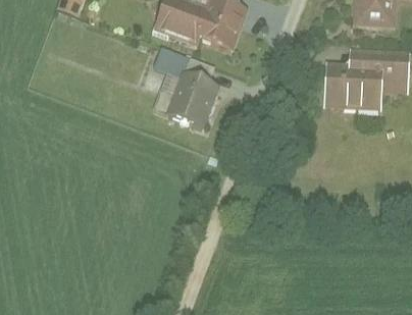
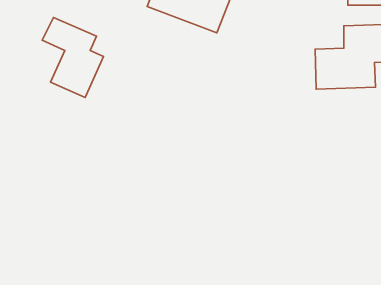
building: [159,49,220,128] -> [42,18,104,97]

